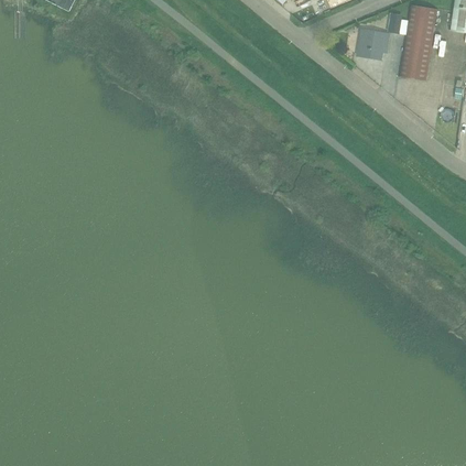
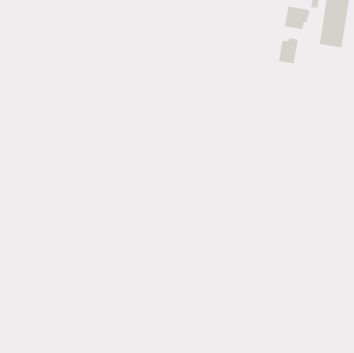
building: none -> [278,38,299,64]

